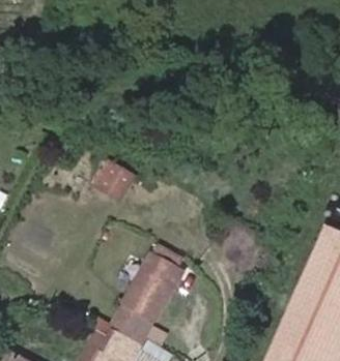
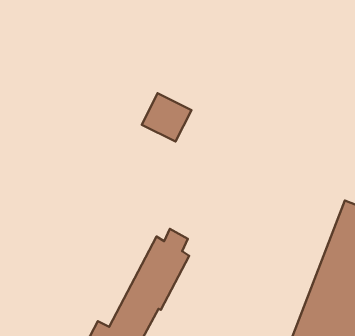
building: [94,156,140,201] -> [142,93,191,142]

